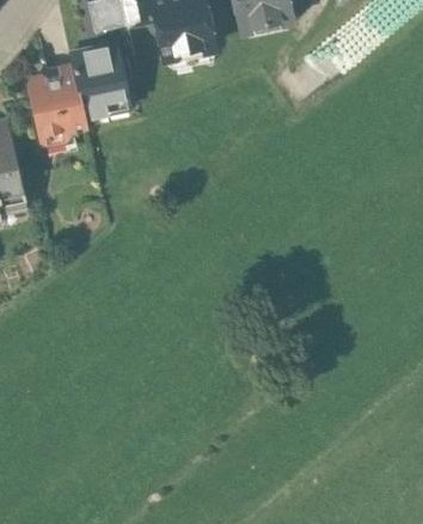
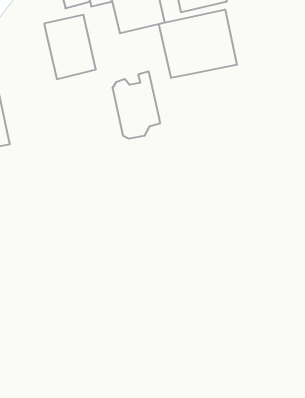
building: none -> [159,9,237,78]
building: [25,62,85,146] -> [112,72,160,138]

